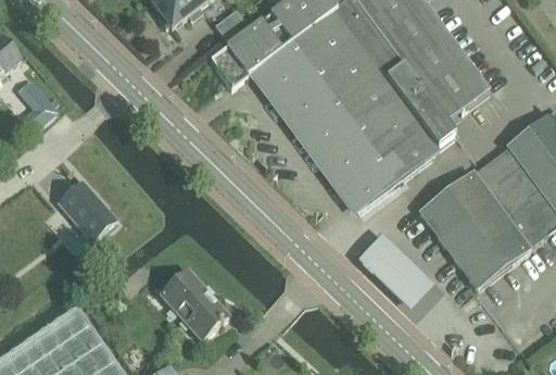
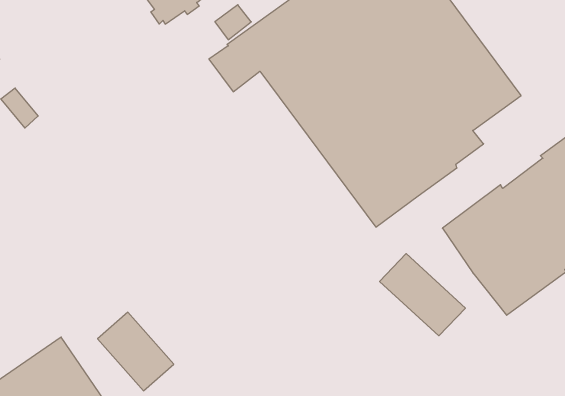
building: [59,180,116,240] -> none
building: [160,271,228,341] -> [98,312,174,391]

